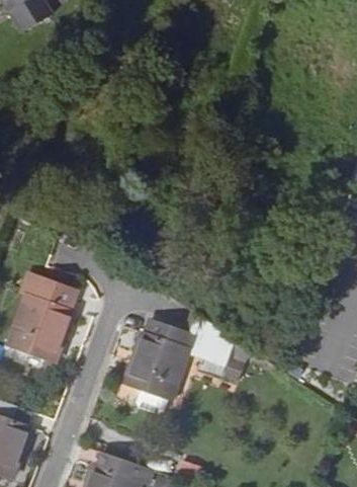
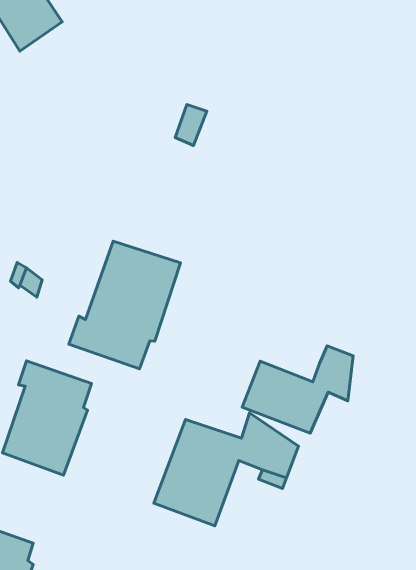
building: none -> [69,241,181,369]
building: none -> [242,346,353,433]

